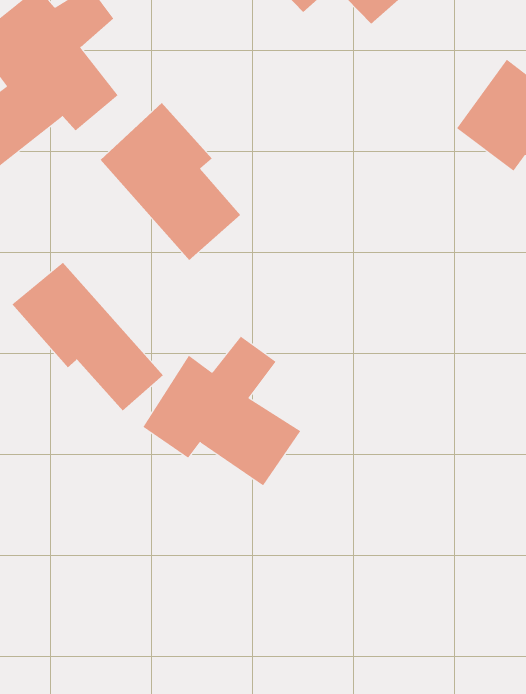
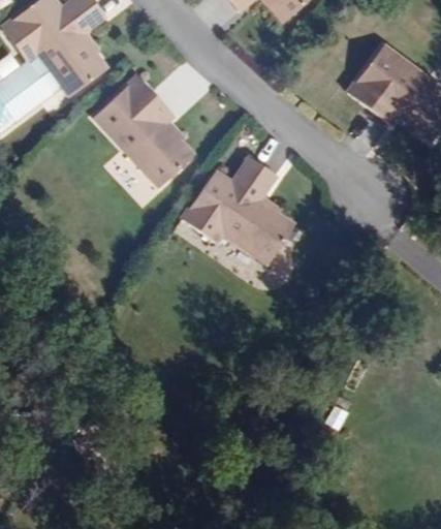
building: [12,262,164,412] -> none
building: [142,336,301,486] -> [182,160,295,268]

